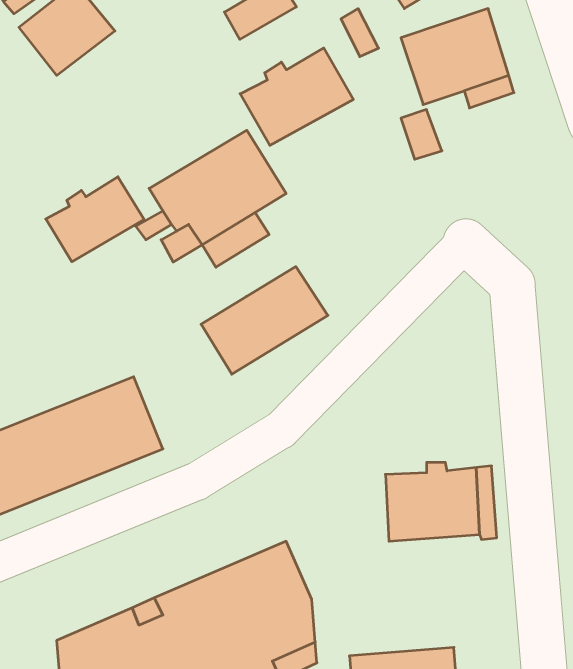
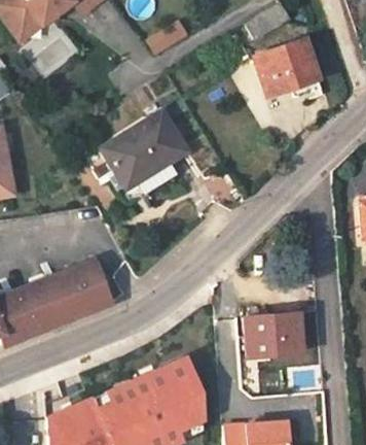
building: [240,48,353,145] -> none
building: [46,177,144,262] -> none
building: [201,267,328,374] -> none

